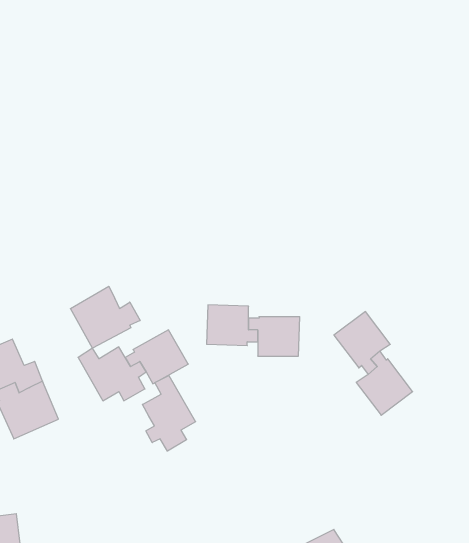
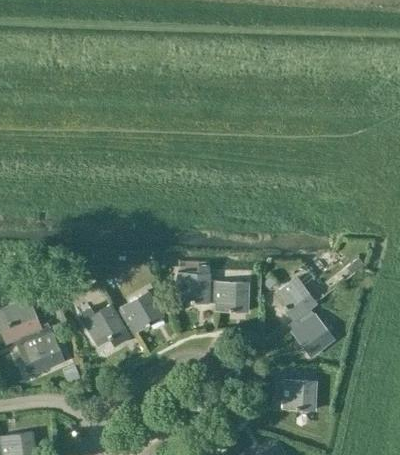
building: [70,286,140,348] -> none
building: [142,375,196,451] -> none
building: none -> [275,378,316,410]

